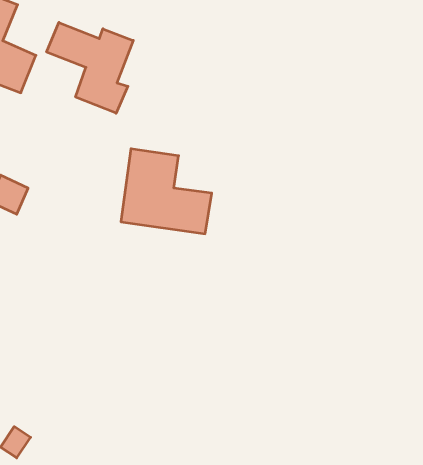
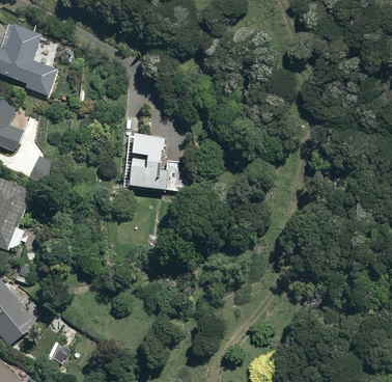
building: [47,22,133,113] -> none

